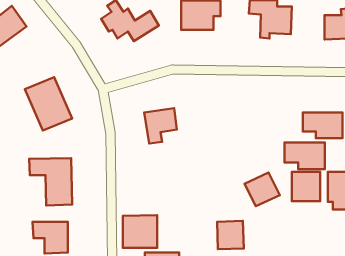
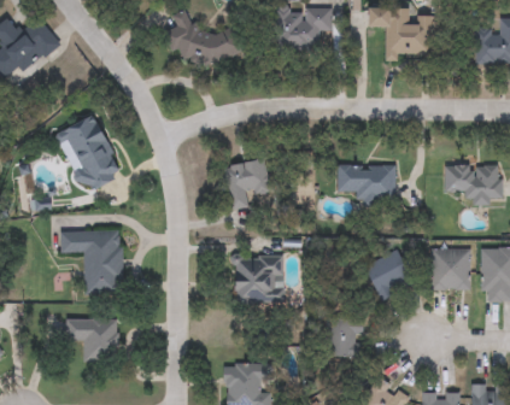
building: [284,143,325,169] -> [339,165,395,202]
building: [123,215,157,248] -> [235,256,283,301]

